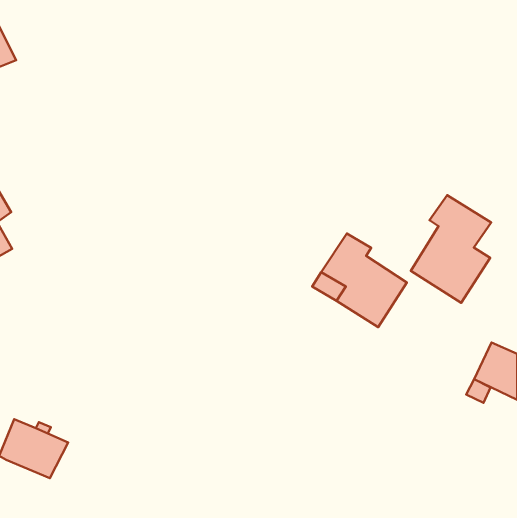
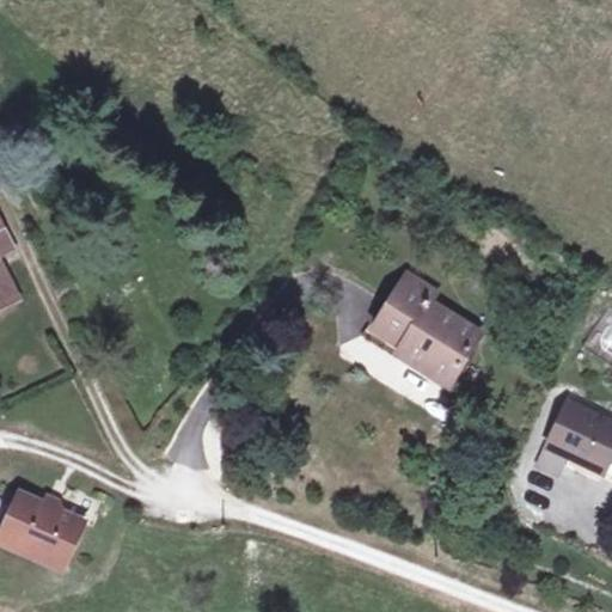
building: [411,195,491,303] -> none

